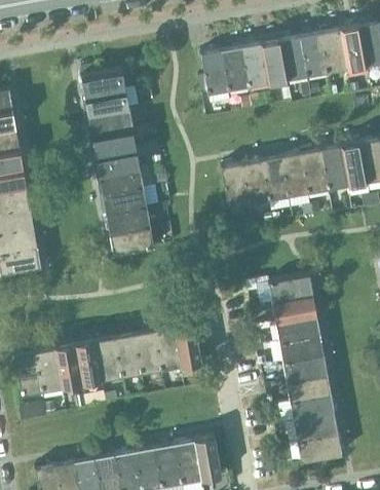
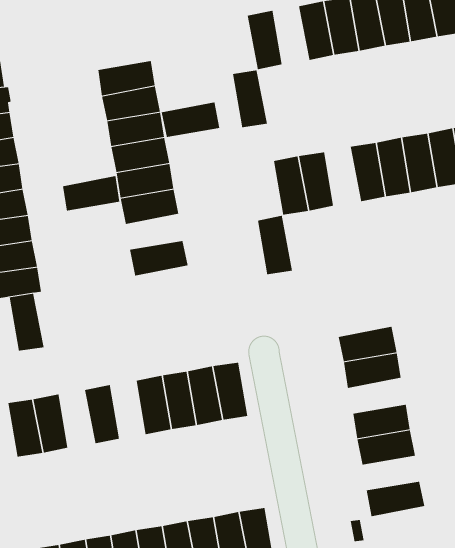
building: [221,48,249,93] -> [232,70,268,128]
building: [80,70,126,98] -> [161,102,220,137]
building: [261,157,289,203] -> [257,215,293,275]
building: [106,210,151,237] -> [62,175,120,211]
building: [268,277,313,305] -> none
building: [278,337,325,365] -> none
building: [94,339,121,384] -> none
building: [54,346,82,391] -> [9,293,44,351]
building: [290,398,335,424] -> none
building: [297,437,342,464] -> none

